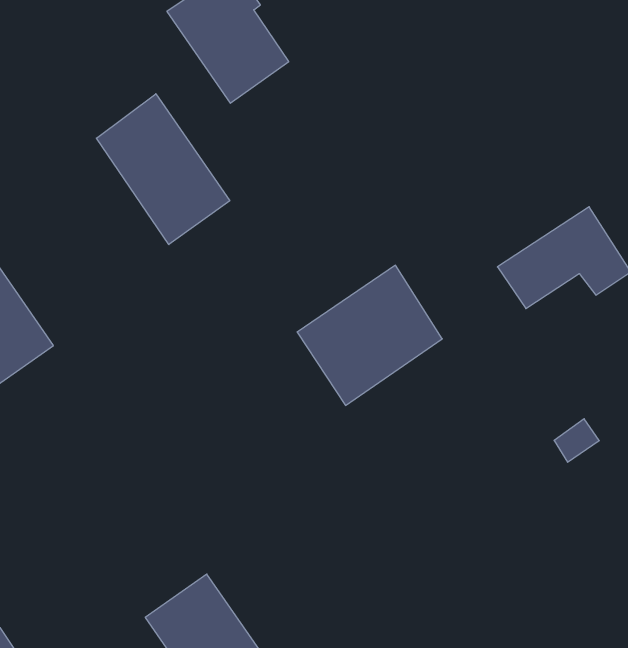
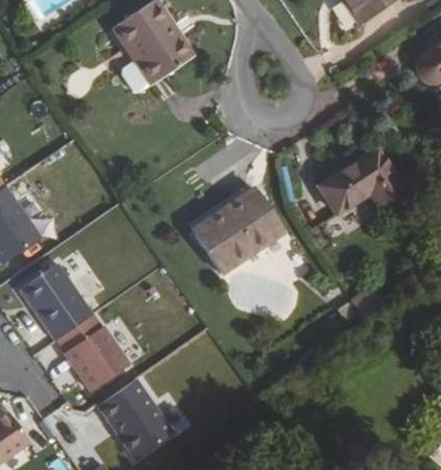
building: [96,94,230,245] -> none
building: none -> [21,263,93,340]
building: none -> [65,326,129,391]

